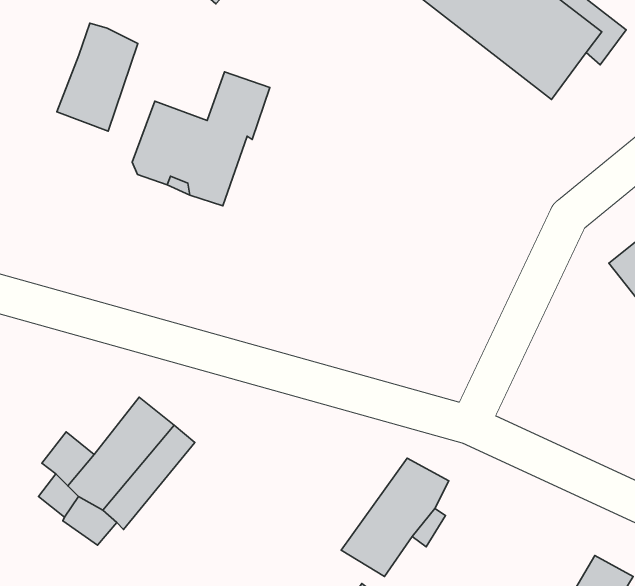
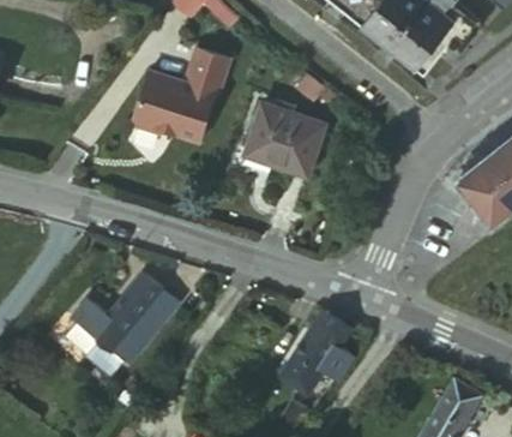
building: [57,23,138,131] -> none
building: none -> [242,106,325,184]

